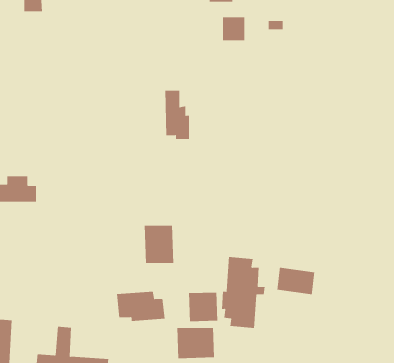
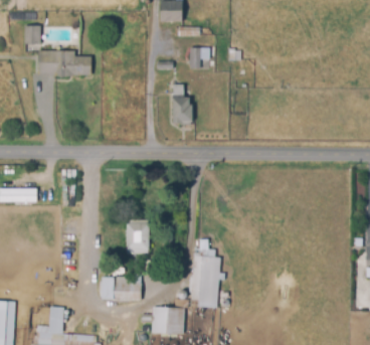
building: none -> [38,50,90,74]
building: [164,90,190,139] -> [172,84,193,126]
building: [277,267,315,295] -> none
building: [188,292,218,322] -> none

